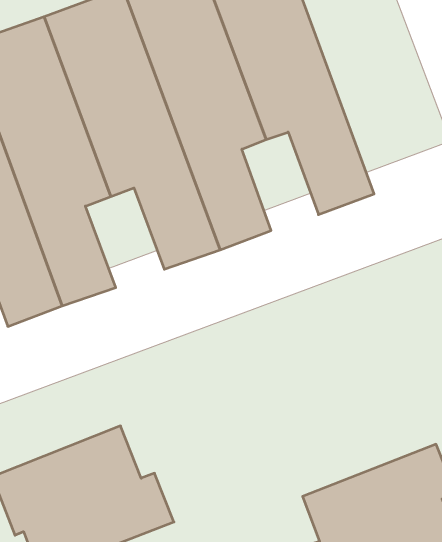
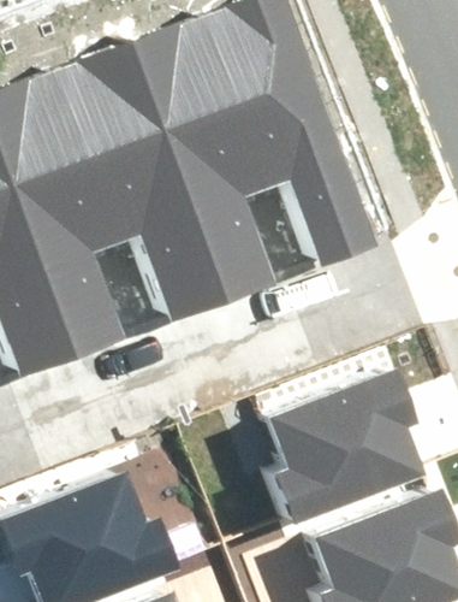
building: none -> [268,371,427,527]

